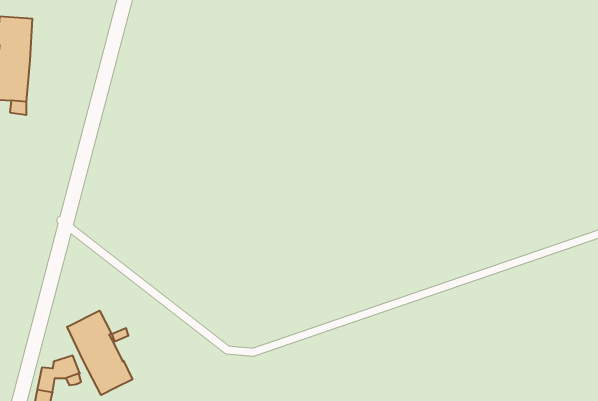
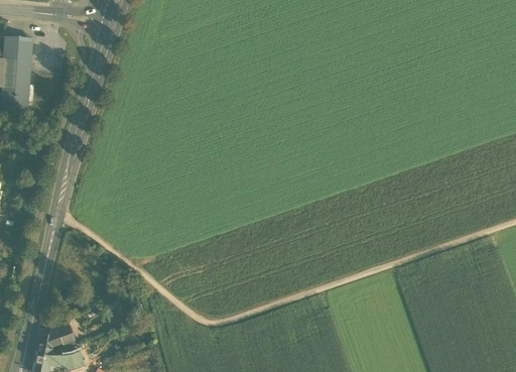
building: [67,311,132,395] -> none

